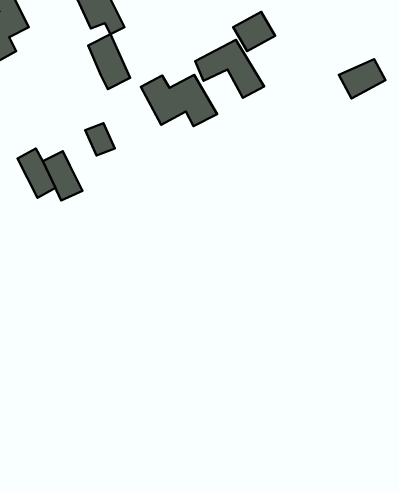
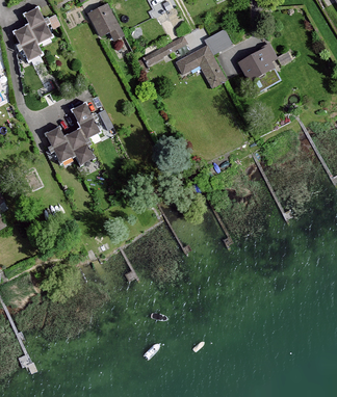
building: [88,34,130,89] -> [69,98,100,138]
building: [339,59,385,99] -> [238,50,273,79]
building: [141,75,217,126] -> none

